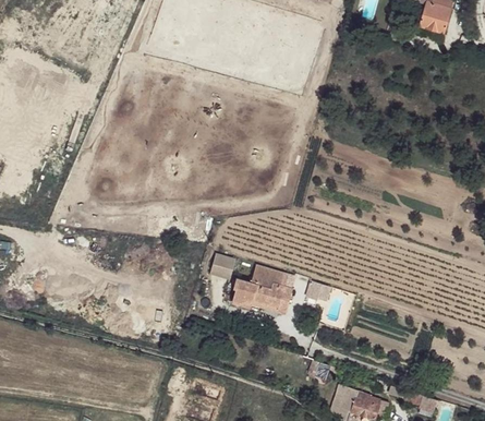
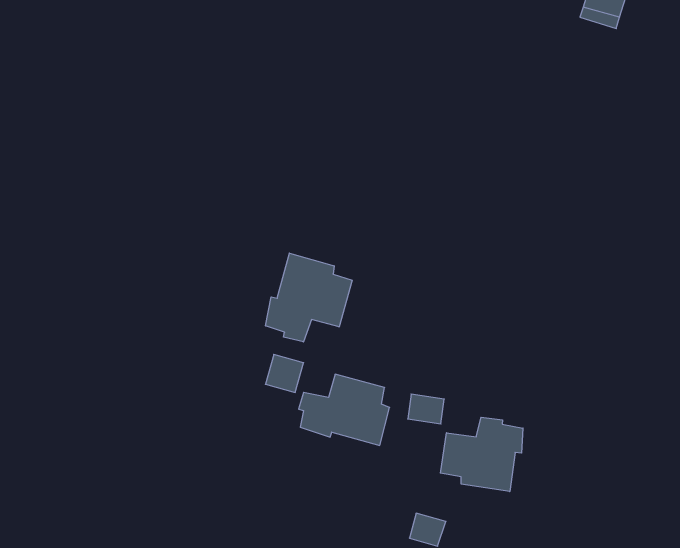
building: none -> [266,253,352,342]
building: none -> [440,417,523,492]

